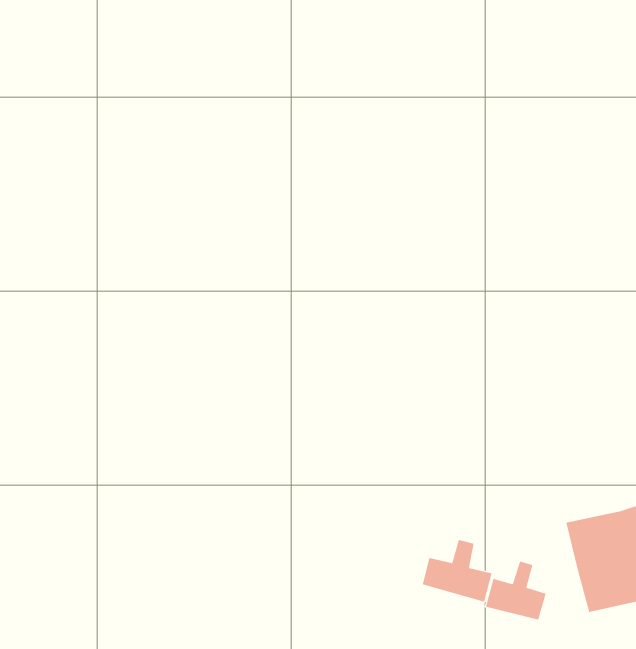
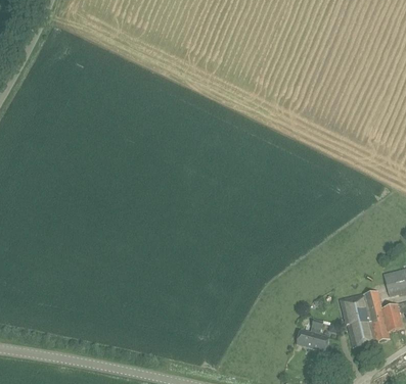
building: [422,539,492,602] -> none

